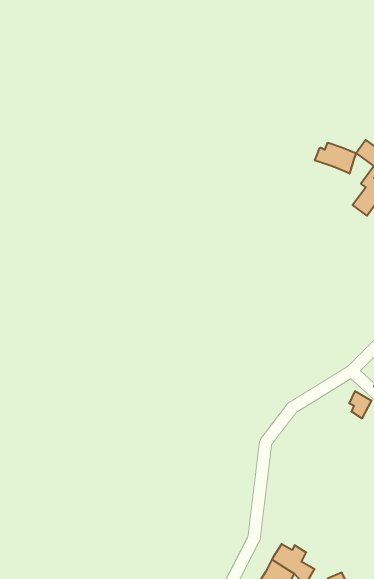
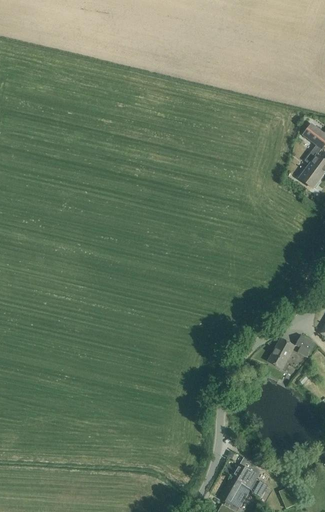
building: [315,143,356,174] -> none
building: none -> [268,339,293,368]

